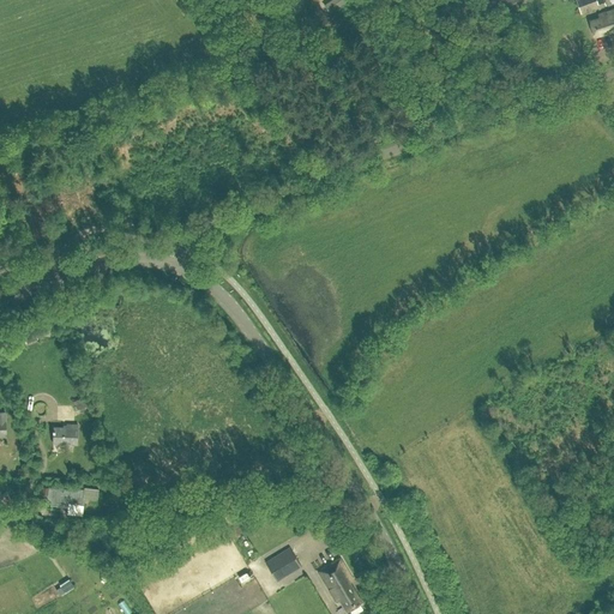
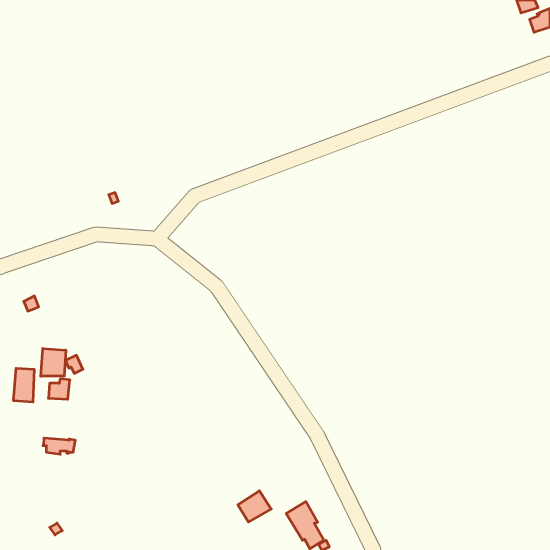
building: none -> [41,348,66,376]
building: none -> [14,368,34,402]

